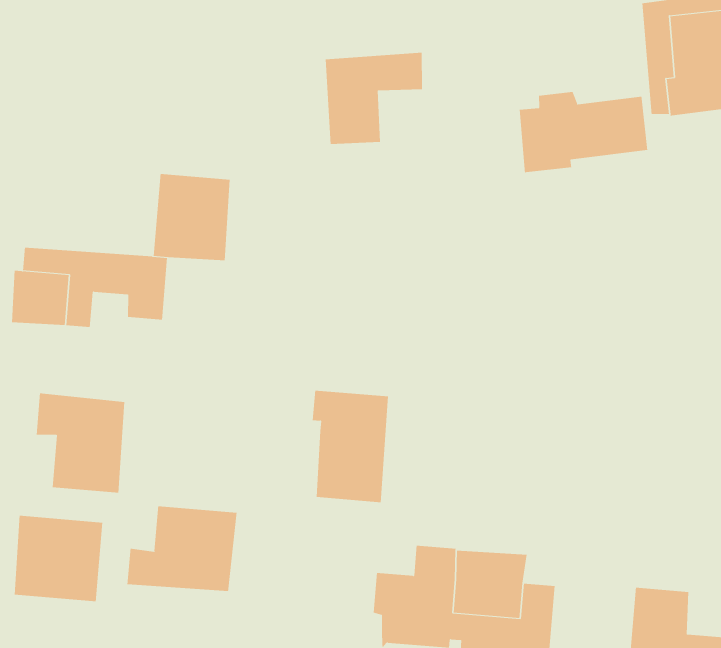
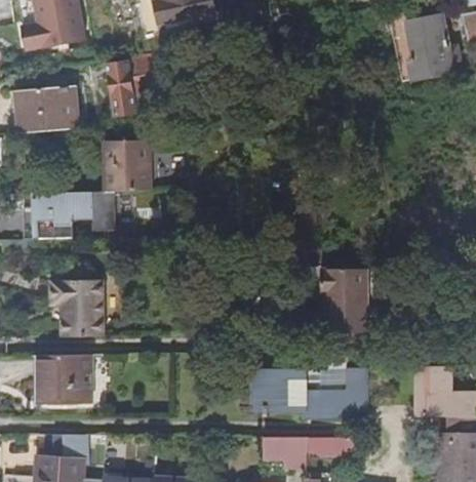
building: [325,52,423,145] -> [108,55,168,116]
building: none -> [16,86,79,132]
building: [519,91,648,173] -> none
building: [312,390,389,503] -> [320,271,366,335]
building: [127,505,237,592] -> none

